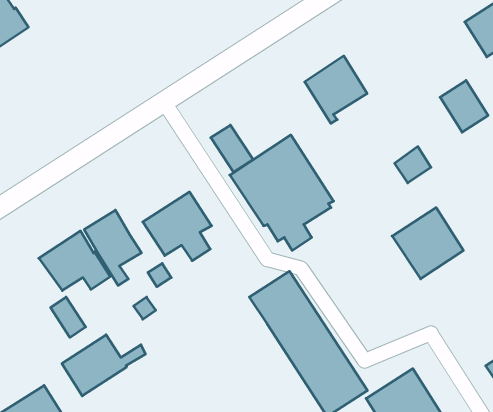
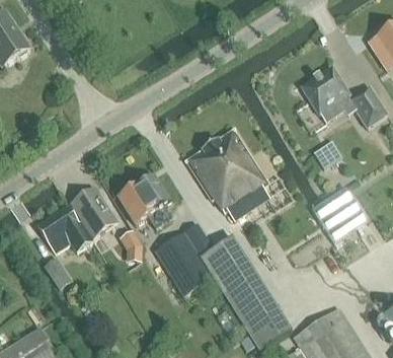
building: [305,56,367,123] -> [301,66,349,119]
building: [211,125,253,172] -> none
building: none -> [155,224,215,297]
building: [62,335,145,396] -> none

